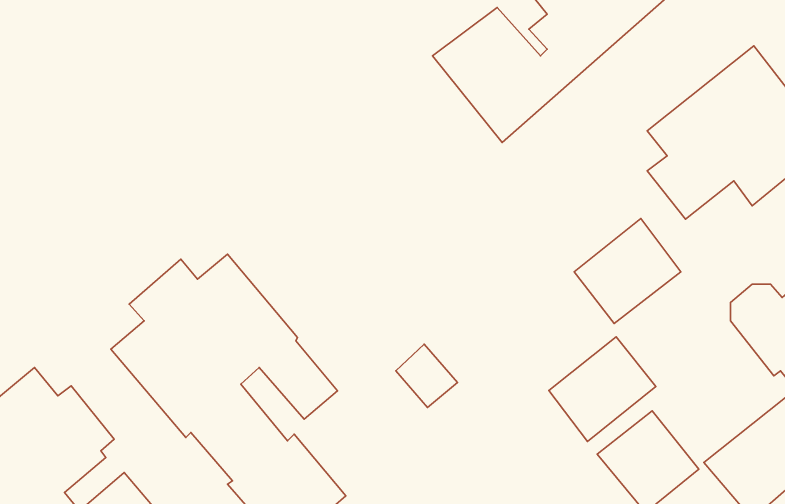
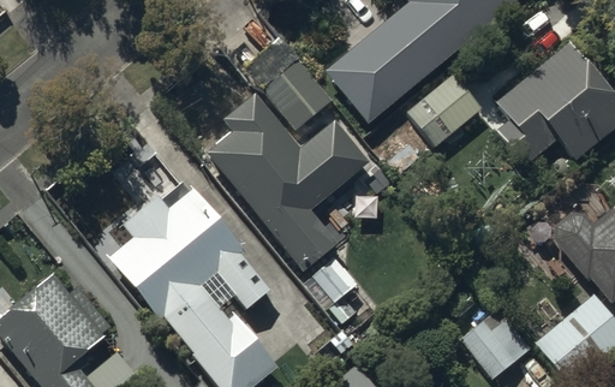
building: none -> [207,91,374,270]
building: [574,219,681,324] -> [406,70,483,145]
building: [549,337,656,442] -> none

